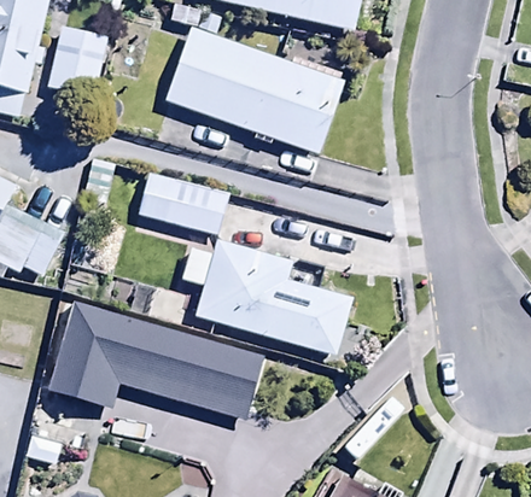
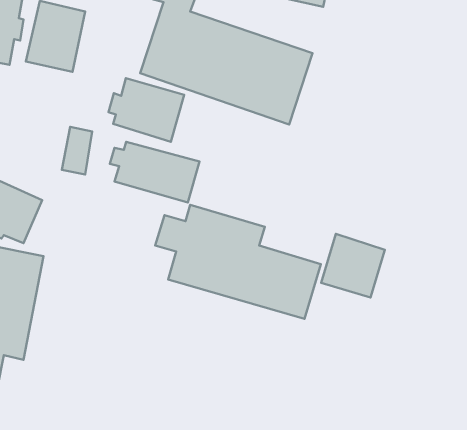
building: none -> [108,78,184,142]
building: none -> [321,234,385,298]
building: [52,298,263,417] -> none

